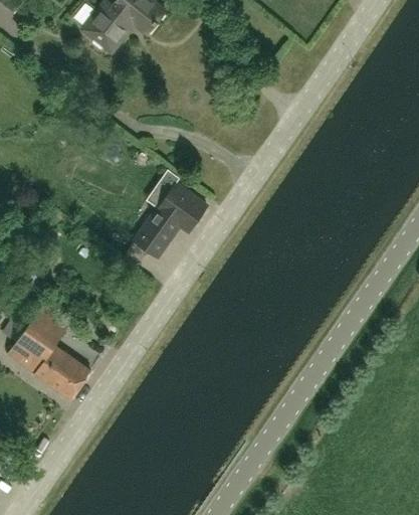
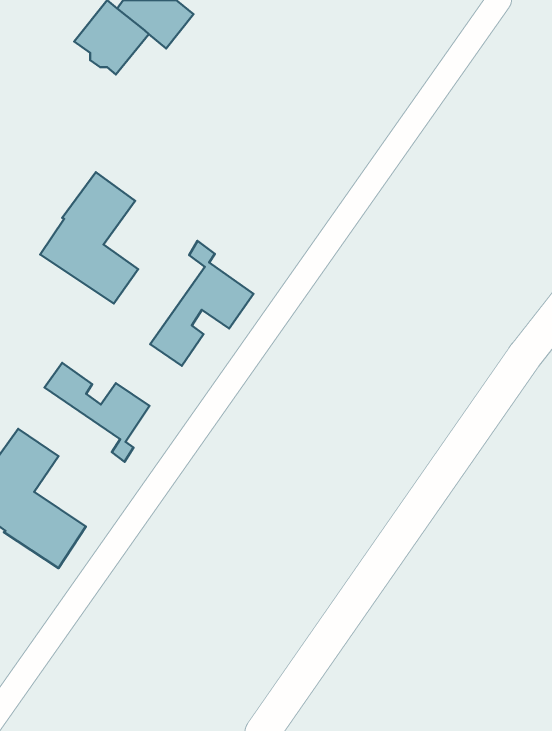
building: none -> [40,172,138,304]
building: none -> [45,363,150,462]

